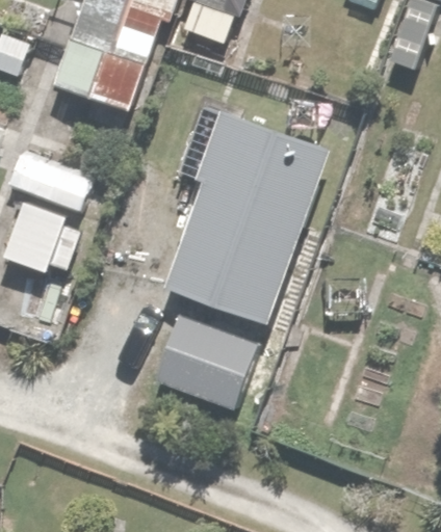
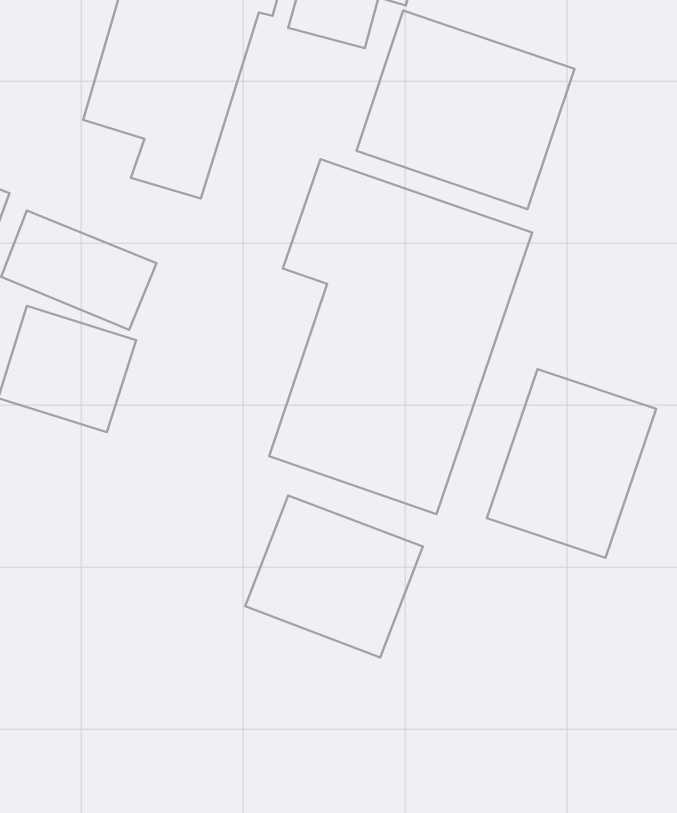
building: none -> [356,11,575,209]
building: none -> [487,369,656,558]

